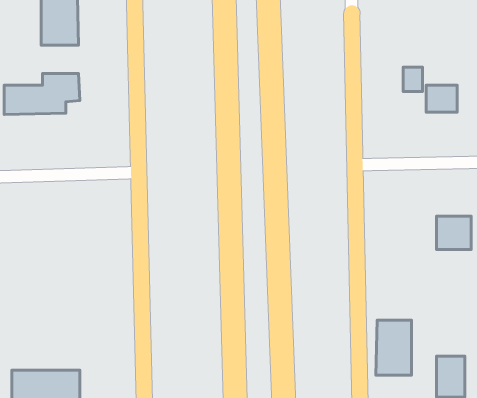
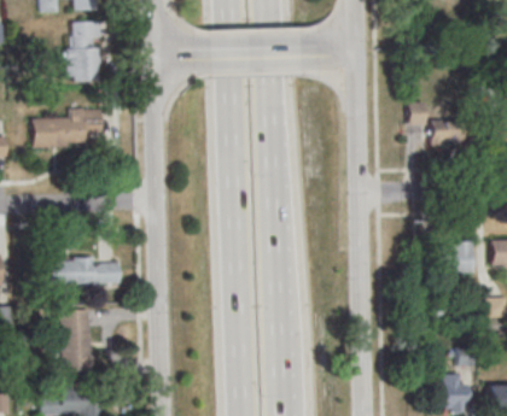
building: none -> [52,260,121,285]
building: none -> [63,310,92,371]
building: [376,320,412,375] -> none

